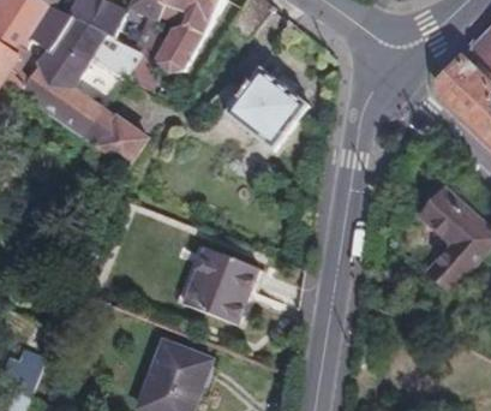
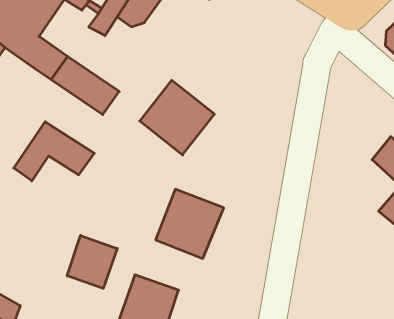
building: [229,67,311,149] -> [140,80,214,155]
building: none -> [14,122,94,181]
building: none -> [67,235,117,288]

